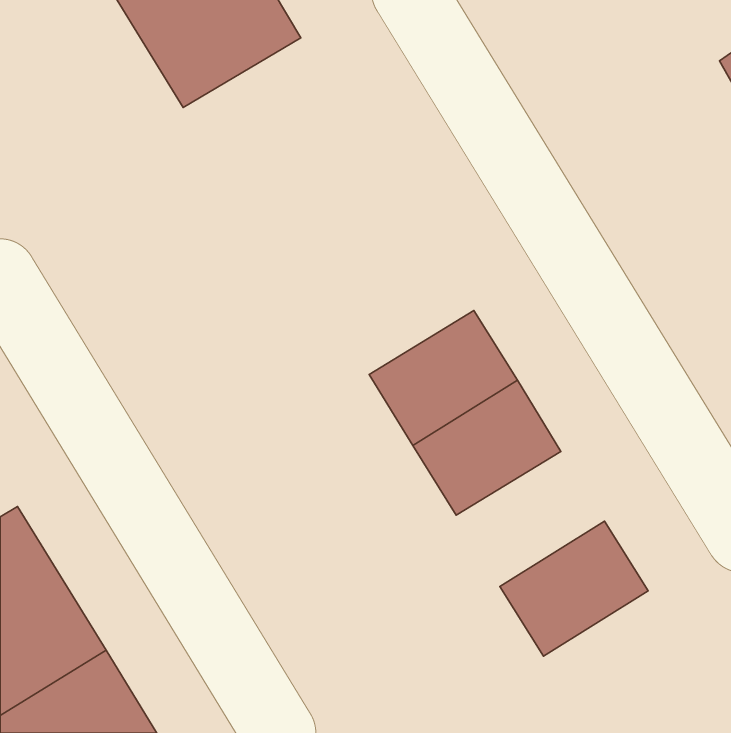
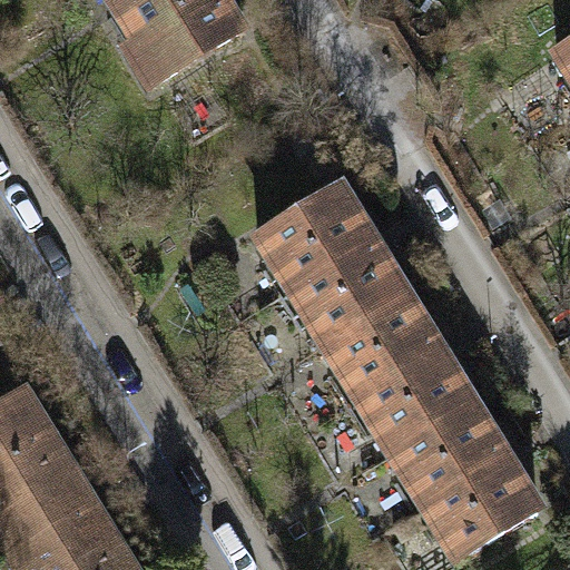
building: none -> [258,185,372,287]
building: none -> [358,346,472,450]
building: none -> [425,453,539,557]

